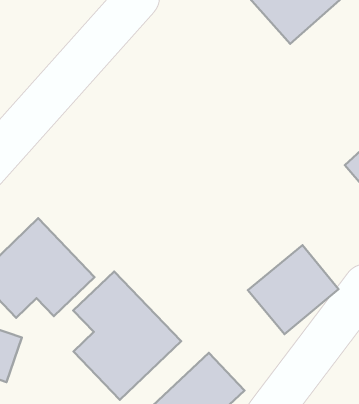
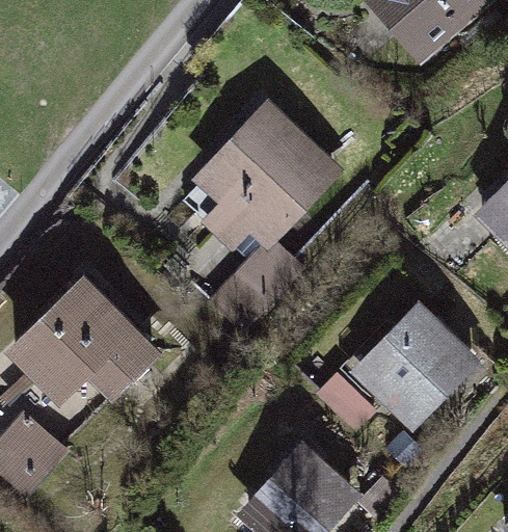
building: none -> [191,110,330,249]
building: [73,271,181,400] -> none

